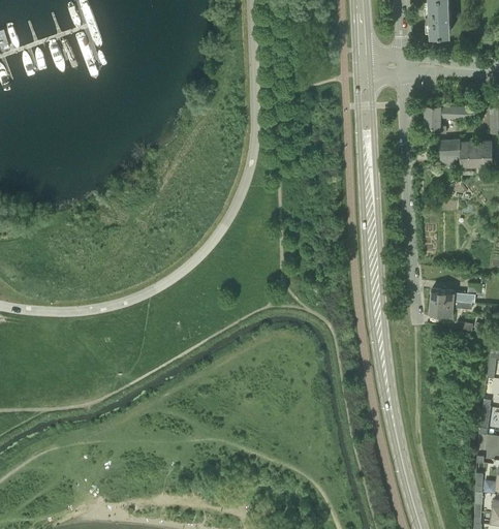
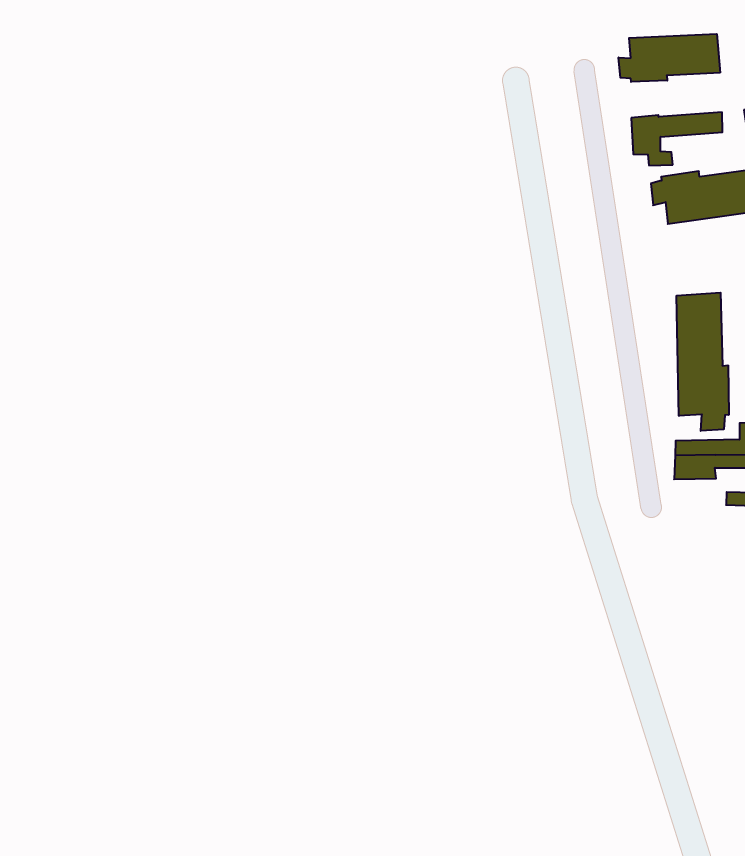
building: none -> [619,34,720,82]
building: none -> [677,293,729,431]

